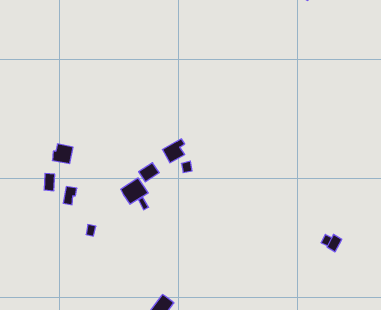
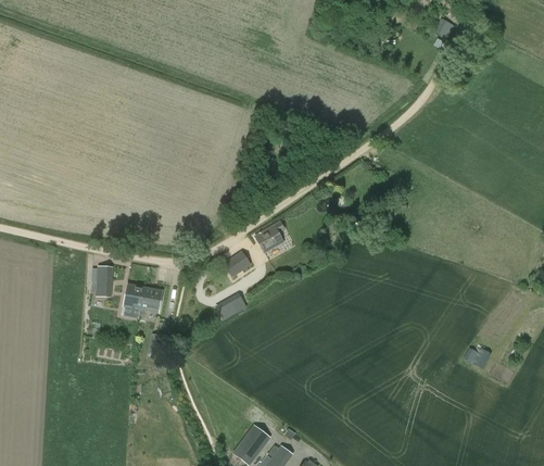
building: [52,144,73,164] -> [135,286,162,312]
building: [121,178,148,204] -> none

